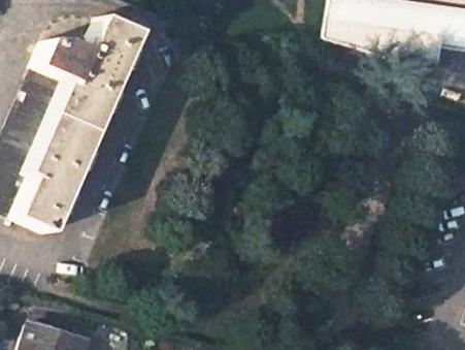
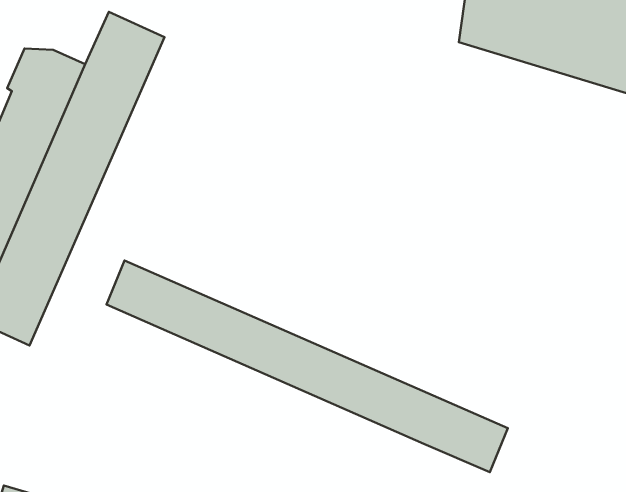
building: none -> [107,260,508,472]

